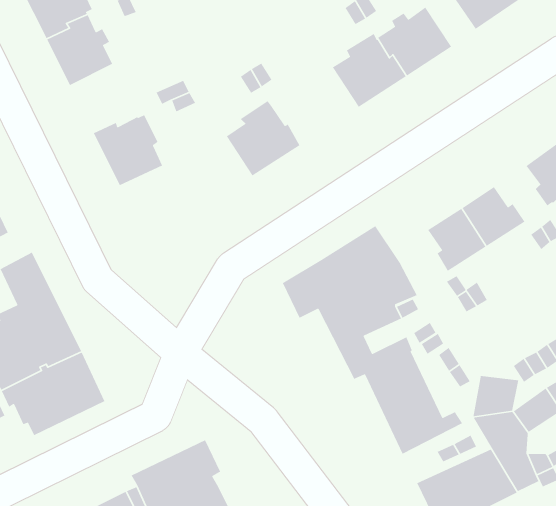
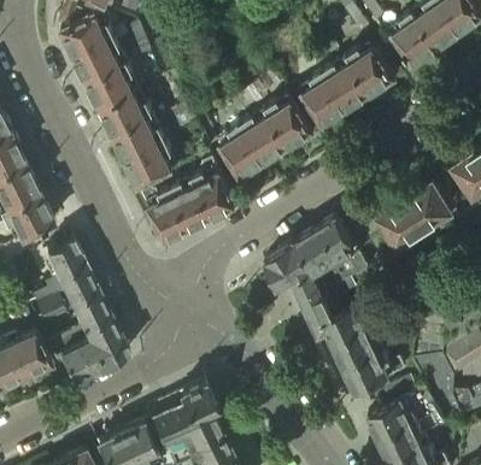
building: none -> [101,93,154,146]
building: none -> [258,101,315,155]
building: none -> [143,159,236,240]

